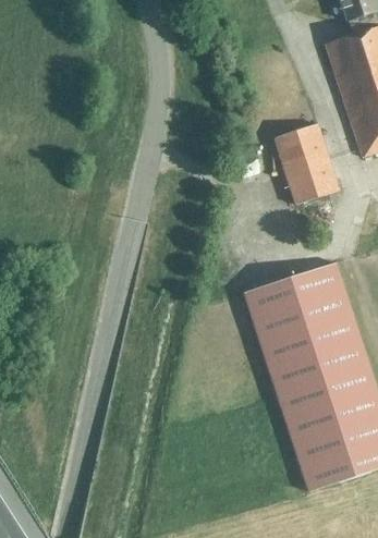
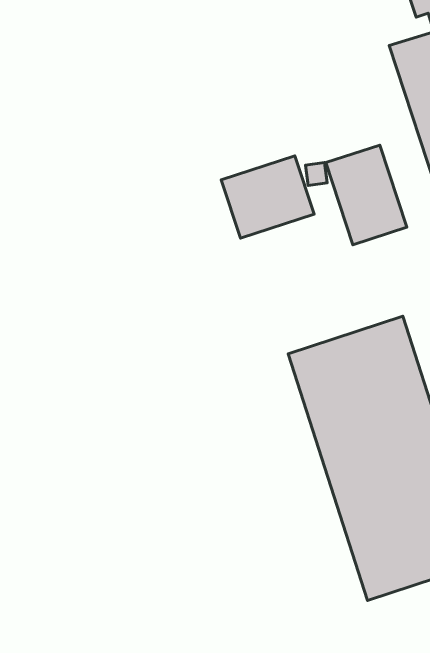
building: none -> [221,156,314,238]

